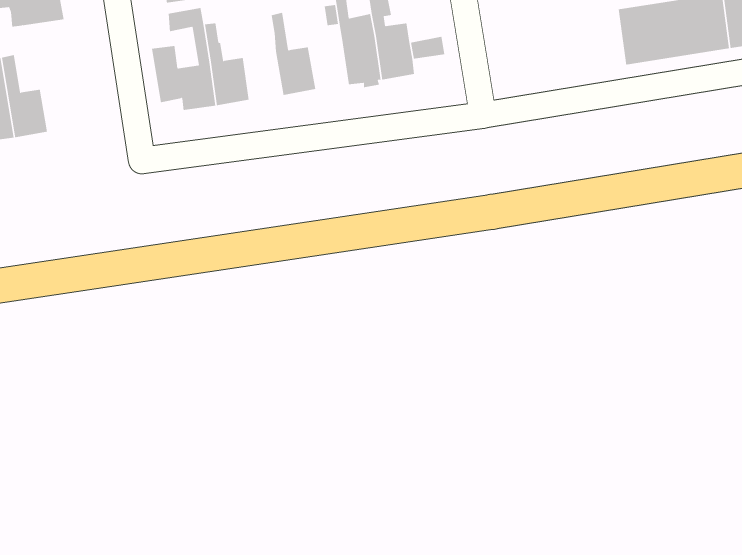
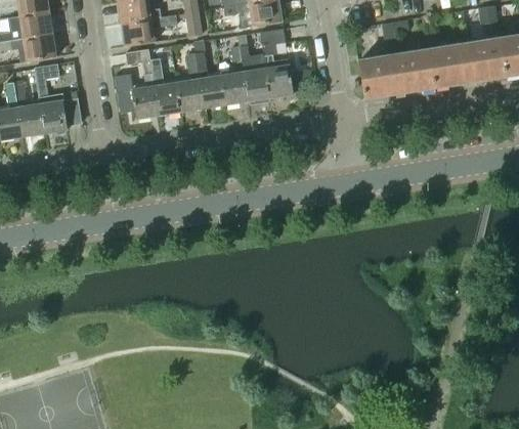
building: none -> [358,49,435,98]
building: none -> [177,53,204,111]
building: none -> [34,63,68,132]
building: none -> [221,66,248,103]

